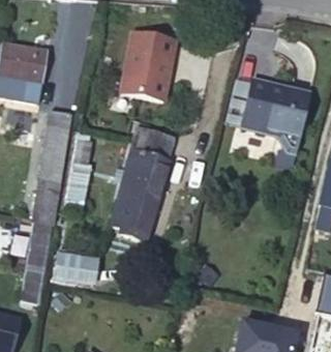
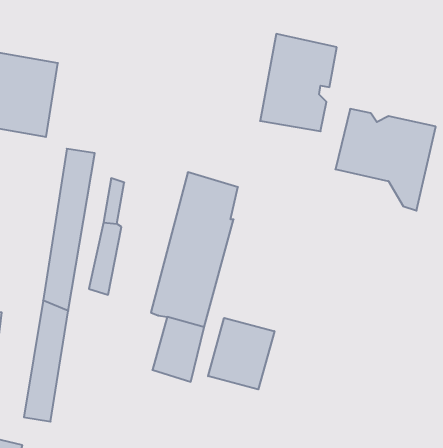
building: [120,31,174,99] -> [260,34,337,131]
building: none -> [208,318,274,389]
building: [55,255,100,286] -> none

